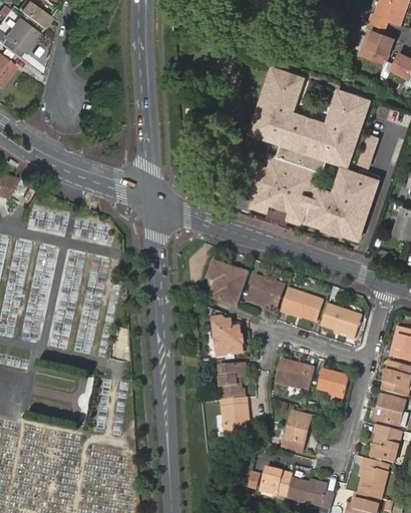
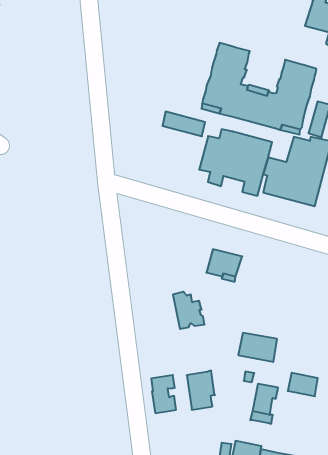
building: [281,144,324,171] -> [162,112,205,136]
building: [207,261,247,305] -> none
building: [279,288,322,321] -> none
building: [319,304,360,335] -> none
building: [218,364,241,401] -> [151,375,176,413]
building: [316,372,347,397] -> [288,373,318,396]

